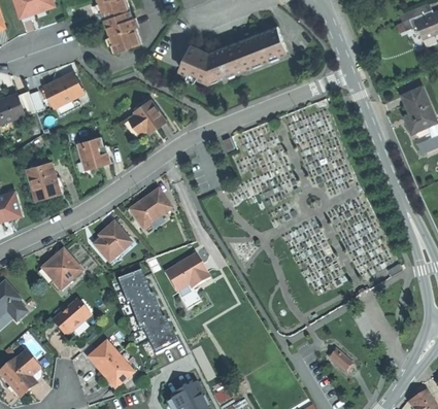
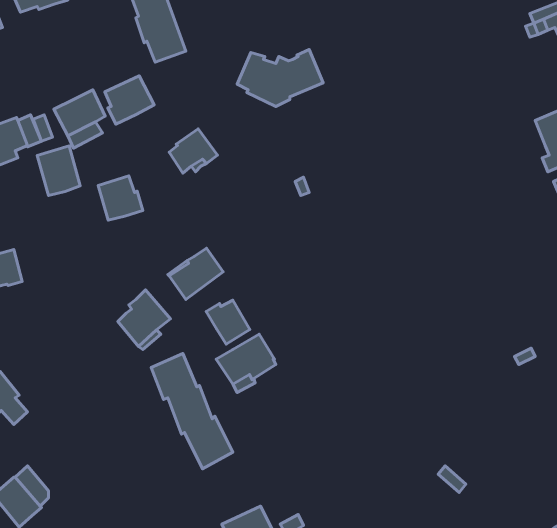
building: [234,26,288,67] -> none
building: none -> [105,76,154,124]
building: [27,162,59,199] -> [37,146,80,196]
building: none -> [206,300,250,344]
building: [39,249,80,288] -> none
building: [55,302,87,334] -> none
building: [87,342,132,387] -> none

